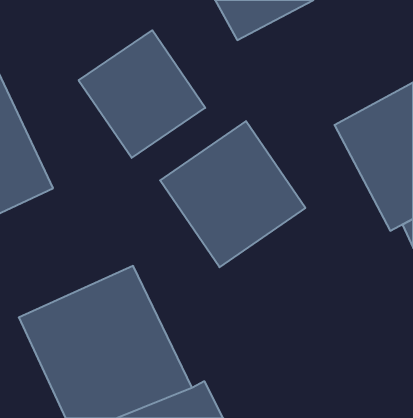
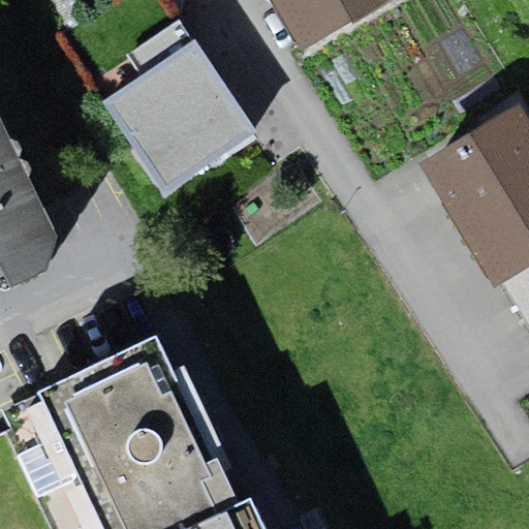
building: [160,121,305,267] -> none

